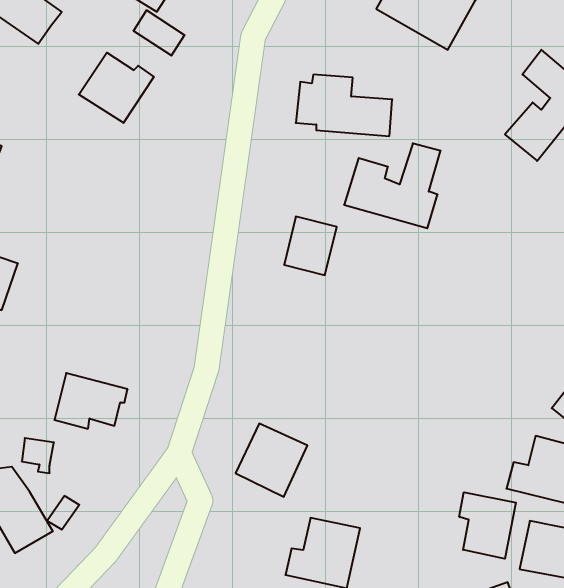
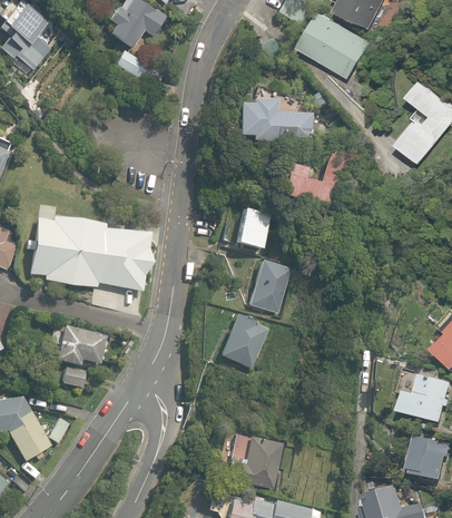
building: [79,53,154,123] -> none
building: none -> [30,214,153,292]
building: none -> [246,257,292,315]
building: [236,424,307,497] -> [216,314,271,370]
building: [22,438,54,473] -> [61,365,86,392]
building: [459,492,516,559] -> none

